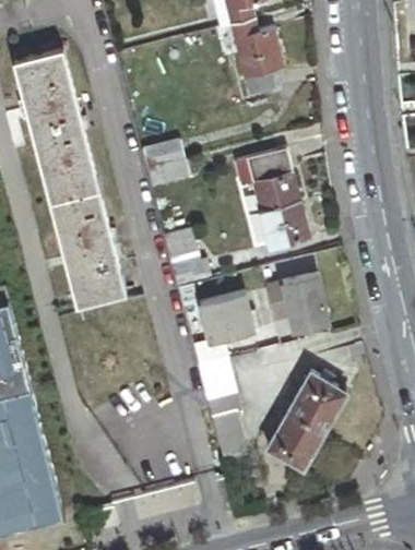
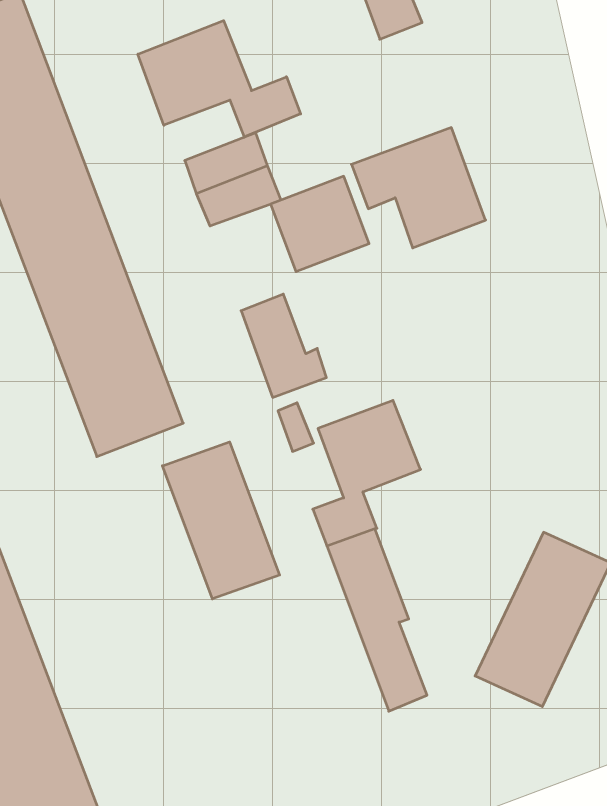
building: none -> [138,21,301,137]
building: [260,200,311,249] -> [271,176,369,272]
building: [263,274,325,333] -> none
building: none -> [162,442,280,599]

